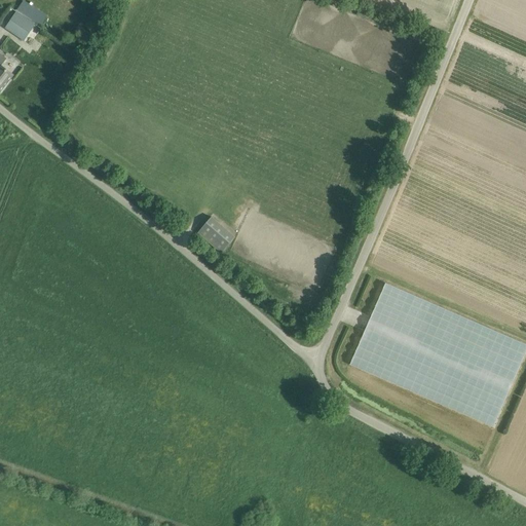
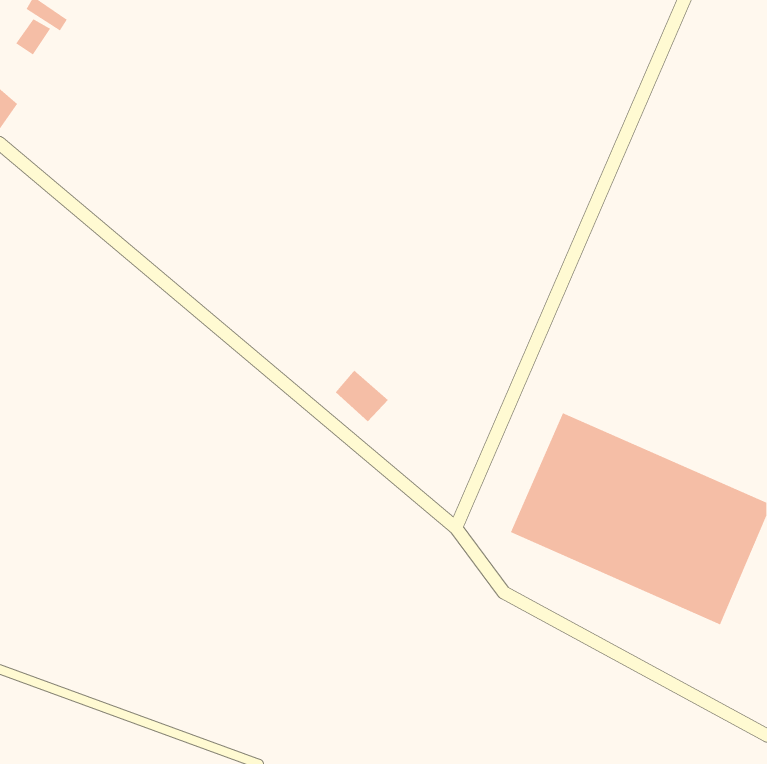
building: [197,214,234,250] -> [335,370,389,422]

